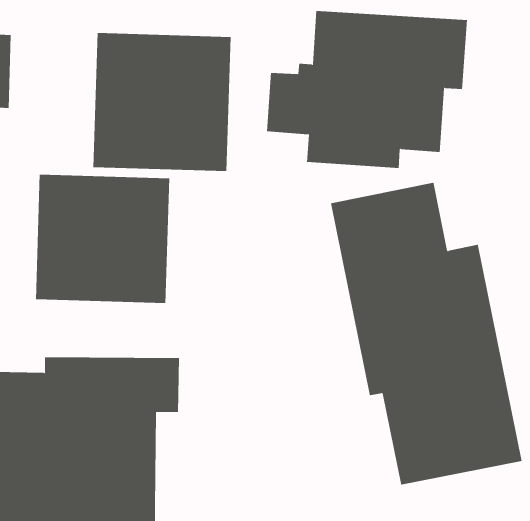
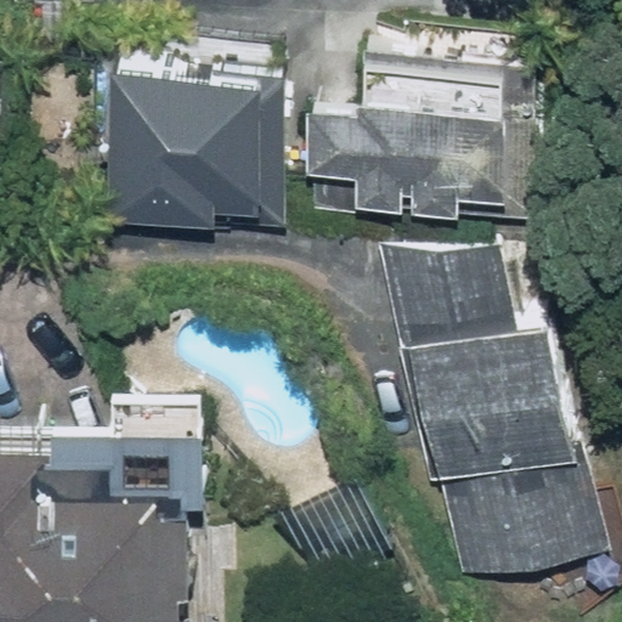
building: [35,174,170,304] -> none

